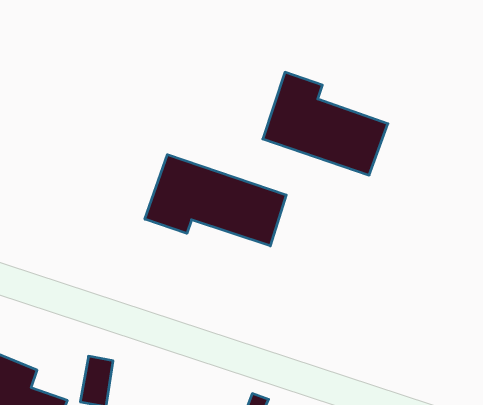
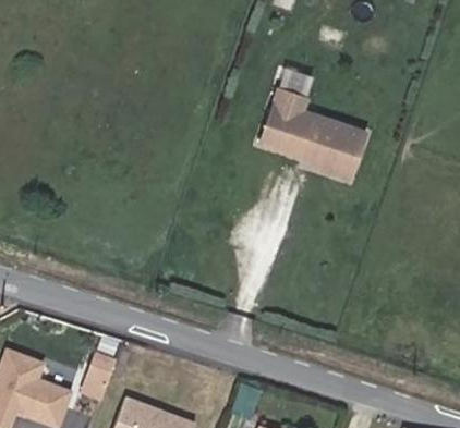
building: [145,155,286,246] -> none

